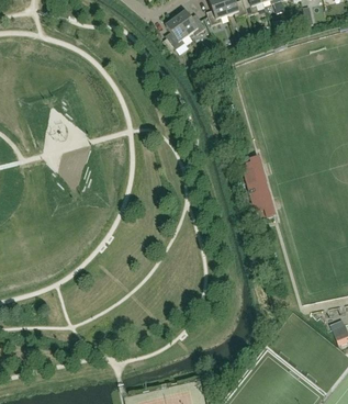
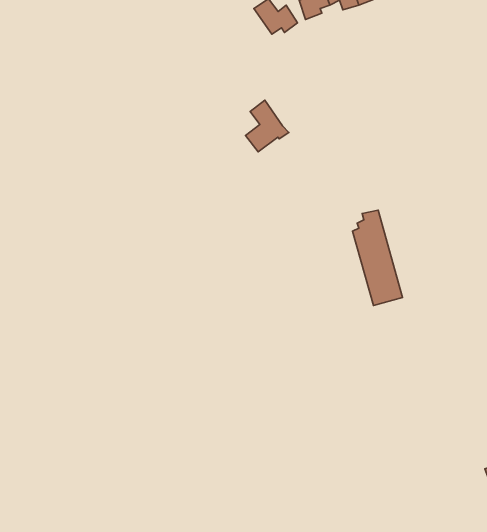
building: [161,15,191,50] -> [245,100,289,152]

